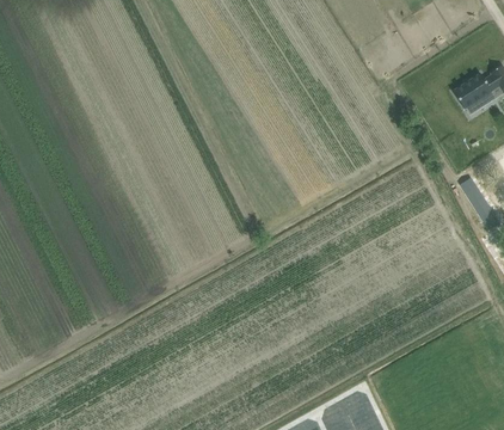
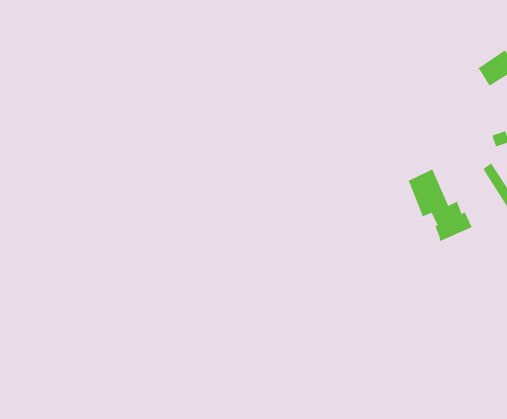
building: none -> [408,168,472,242]

